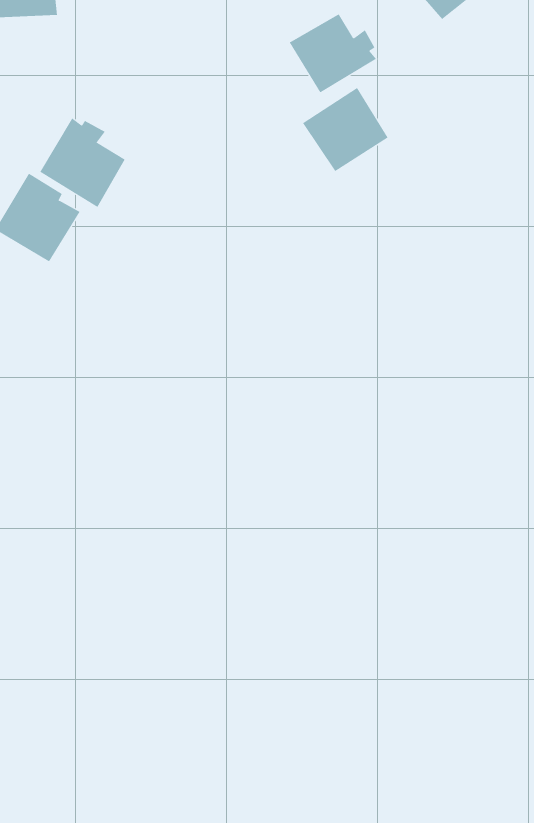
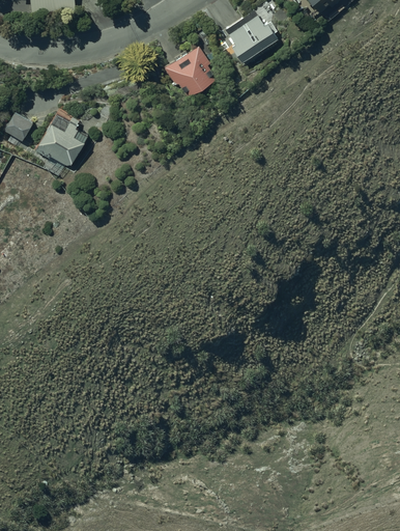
building: [302,87,389,172] -> [163,45,218,99]
building: [39,117,125,208] -> none

